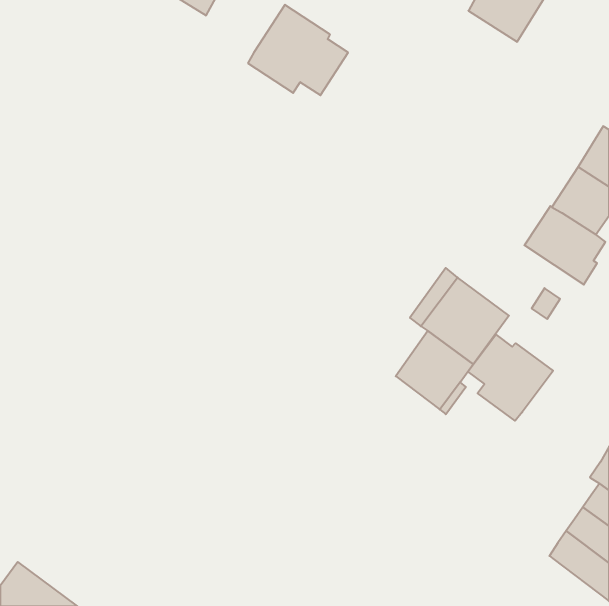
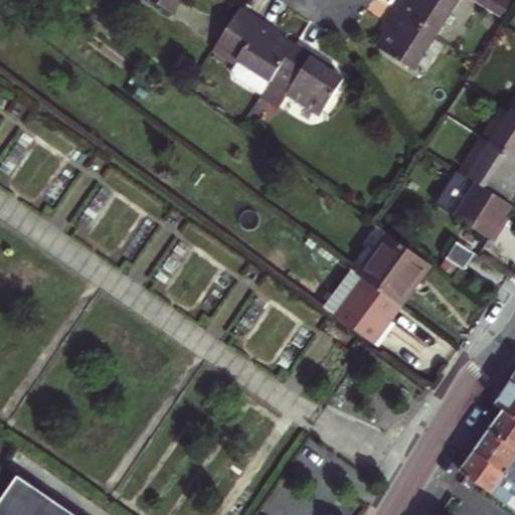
building: none -> [378,9,437,69]
building: none -> [271,40,344,113]
building: [468,334,553,421] -> none

